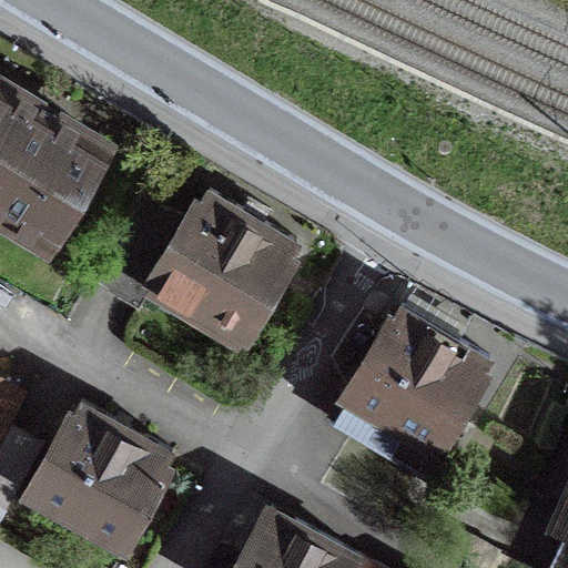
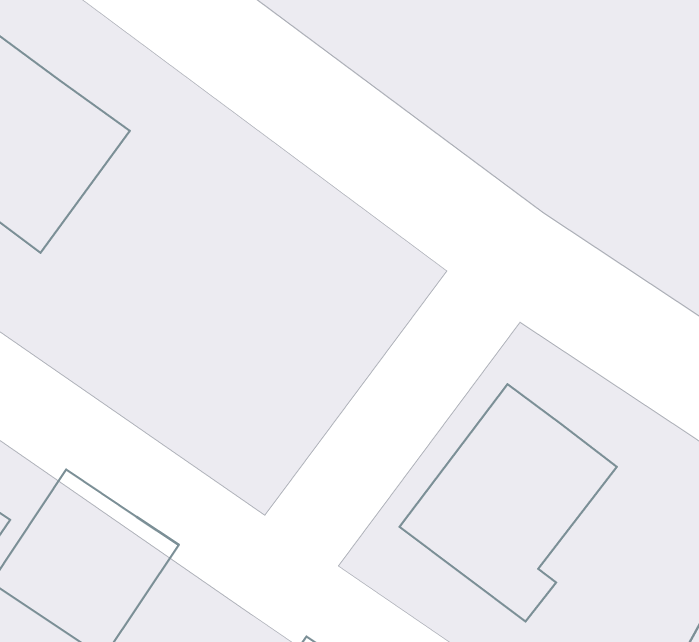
building: [97,196,301,336] -> none

